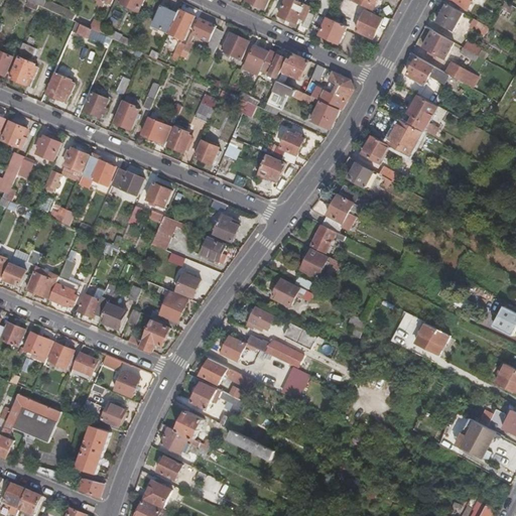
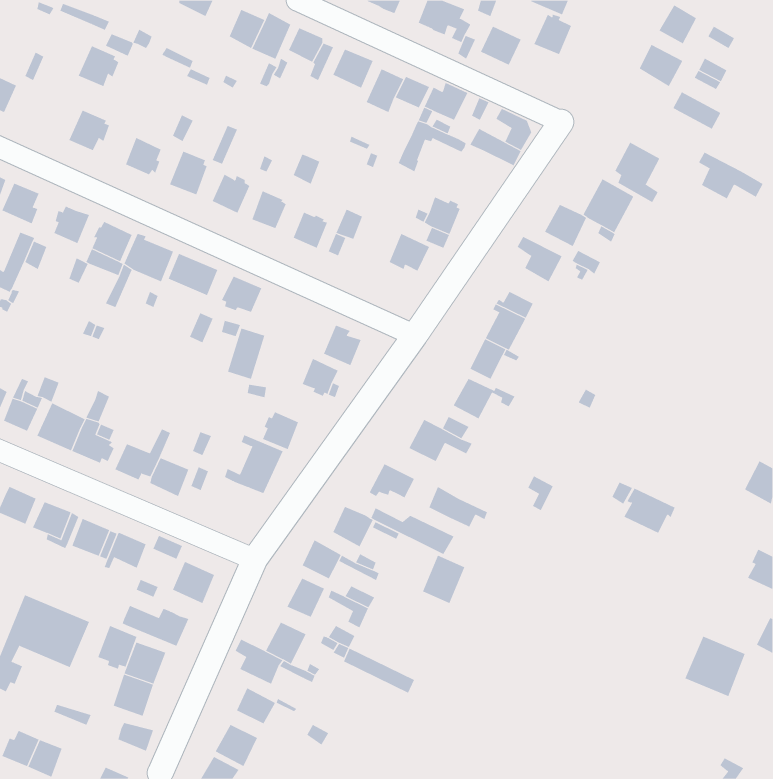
building: [403,51,446,83] -> [698,152,764,199]
building: [8,56,35,84] -> [78,46,119,87]
building: [310,100,338,128] -> none
building: [140,318,169,351] -> none
building: none -> [97,625,137,669]

